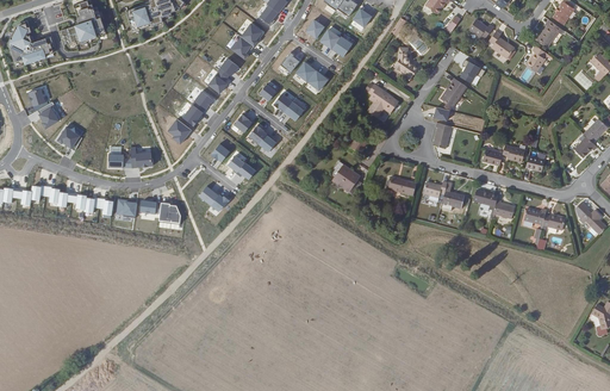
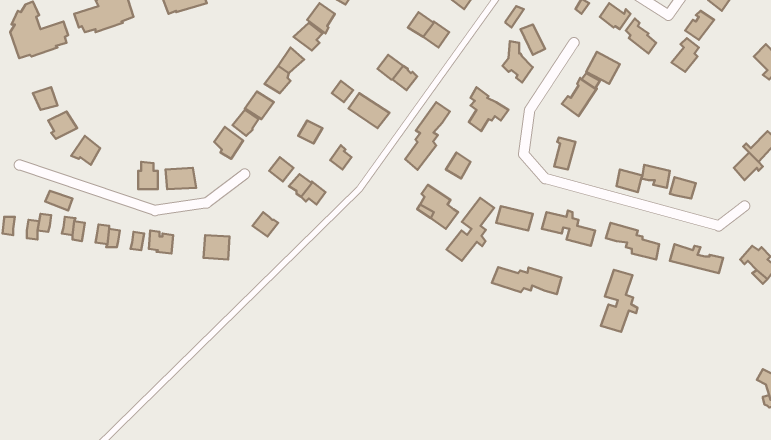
building: none -> [405,102,450,170]
building: none -> [447,198,494,261]
building: none -> [492,267,562,294]
building: none -> [601,270,637,332]

